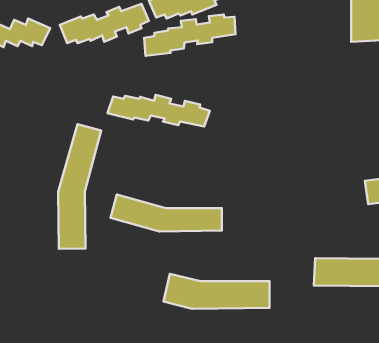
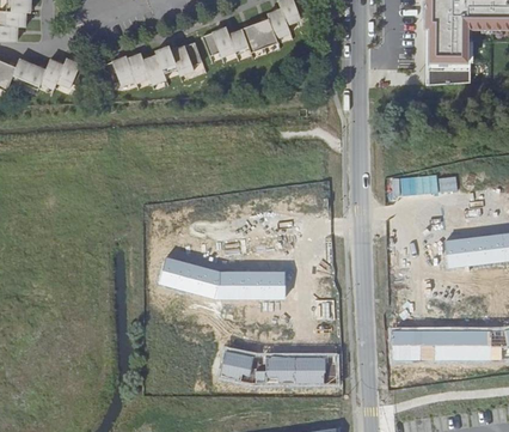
building: [144,14,235,56] -> none
building: [108,95,210,127] -> none
building: [58,124,101,249] -> none

